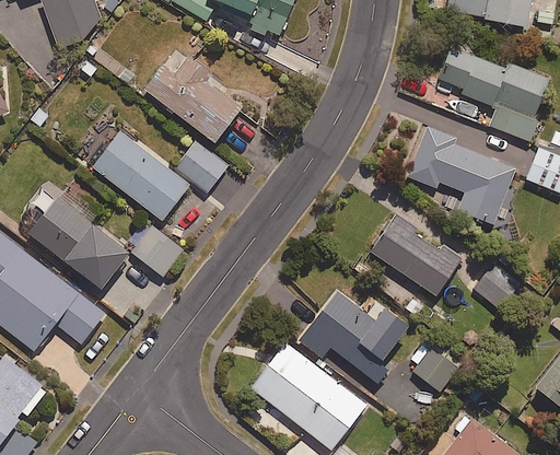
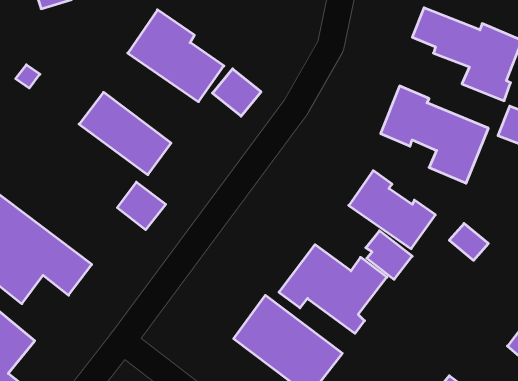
building: [175,141,225,190] -> [212,69,261,116]
building: [28,188,129,288] -> none
building: [409,340,457,390] -> [366,231,412,279]

